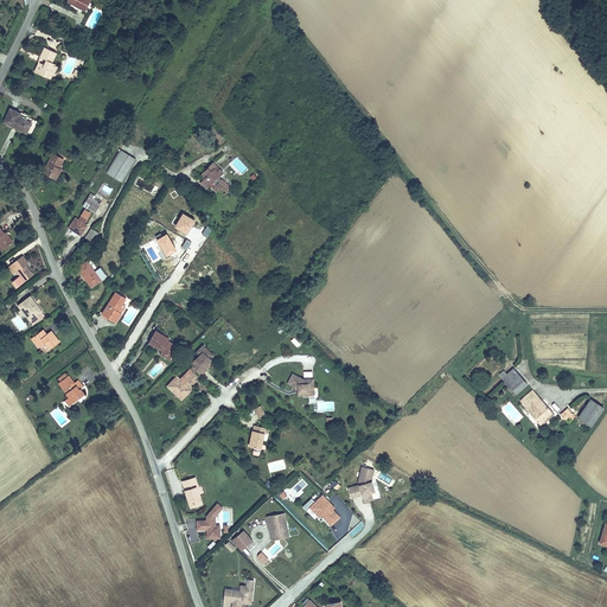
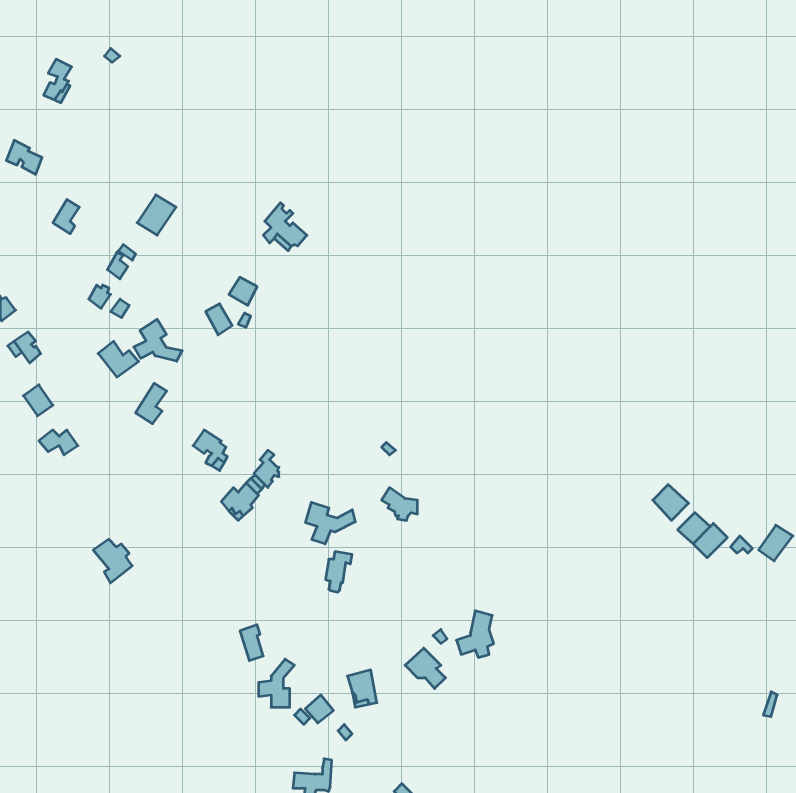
building: none -> [134,319,182,361]
building: [55,375,84,408] -> [93,539,132,583]
building: none -> [306,502,355,544]

